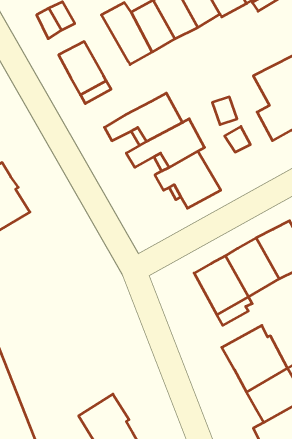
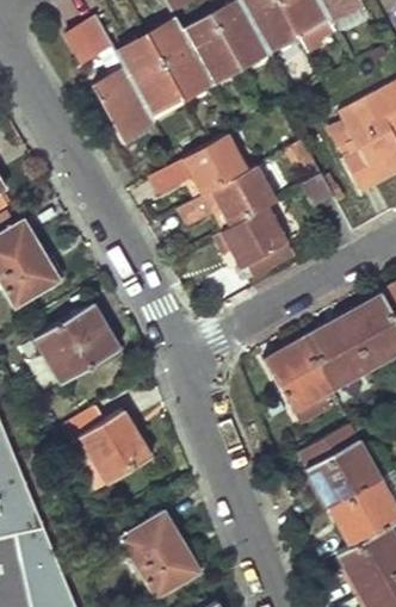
building: none -> [116,35,180,111]
building: none -> [33,302,120,382]
building: none -> [62,407,150,483]

